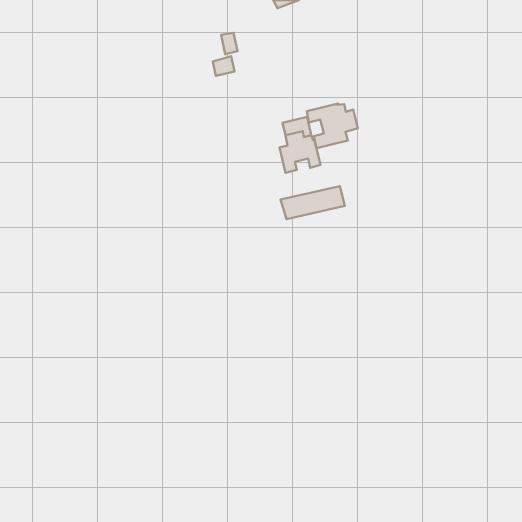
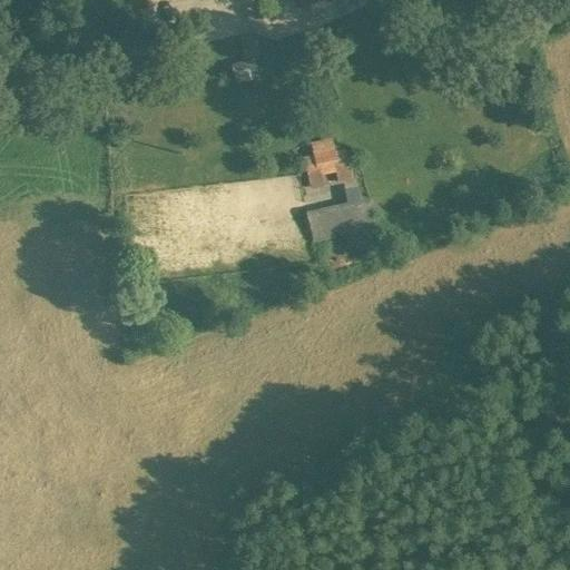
building: [307,103,358,148] -> none

